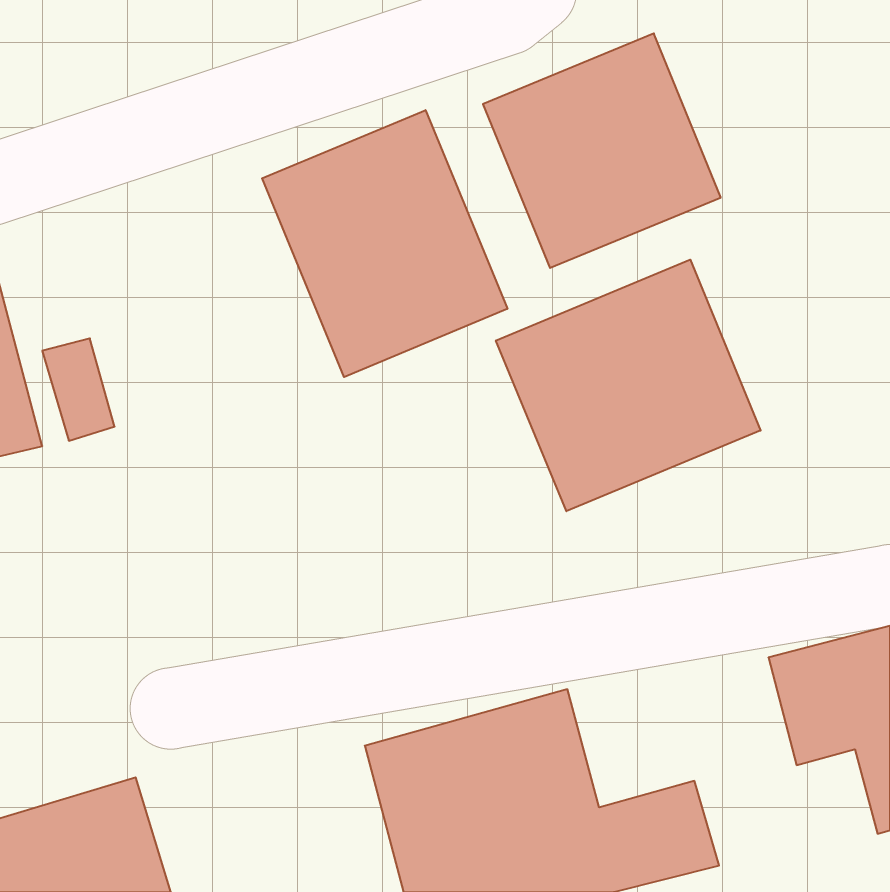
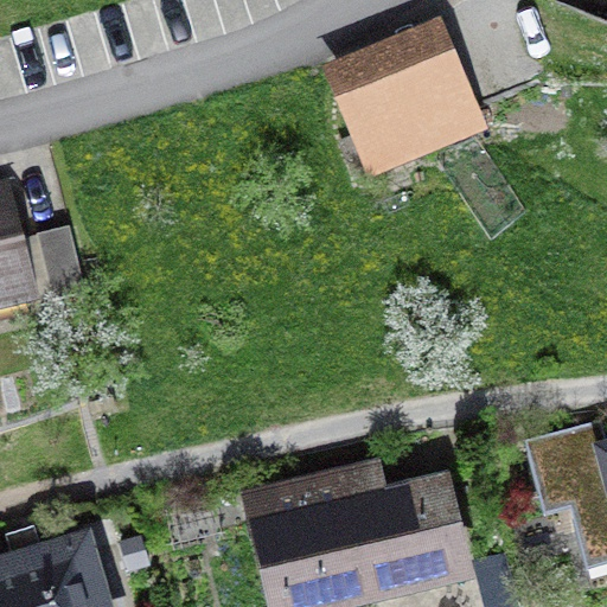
building: [262,110,507,377] -> none
building: [496,260,761,511] -> none

